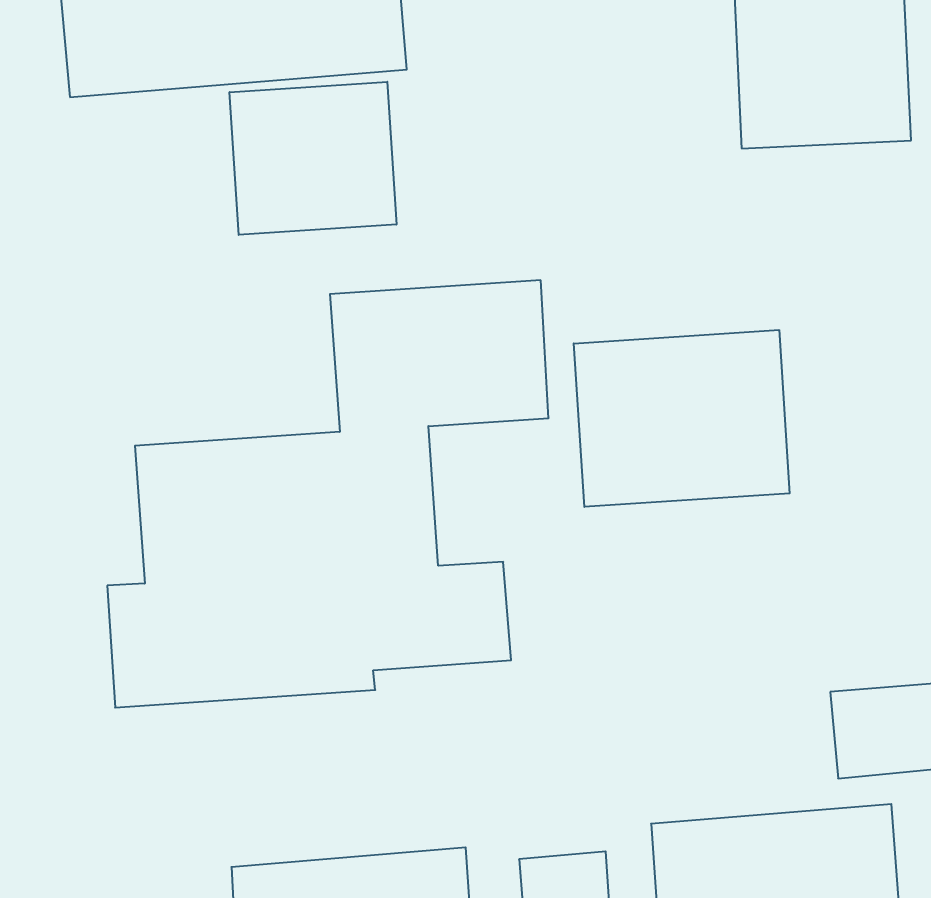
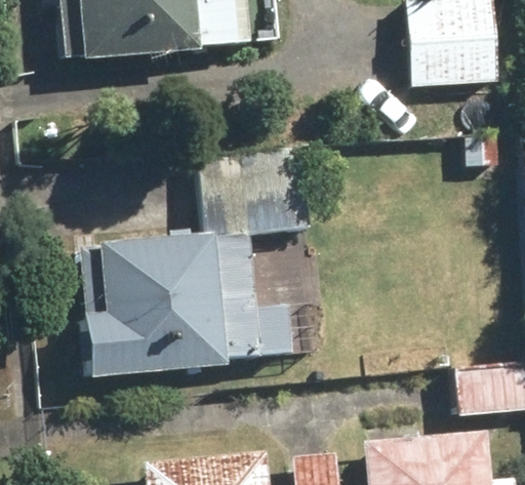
building: [230,82,396,235] -> none
building: [574,330,790,507] -> none

